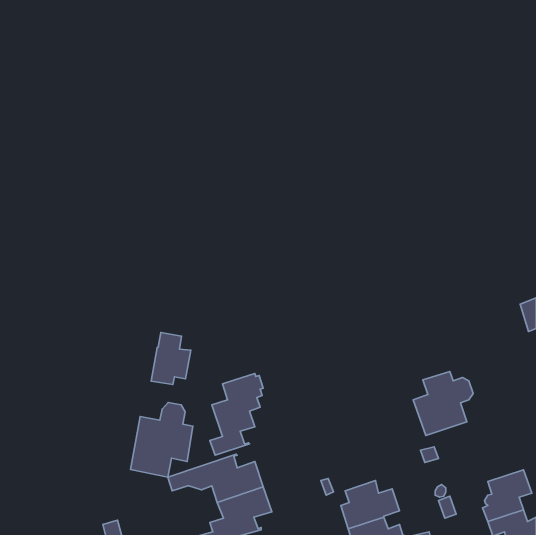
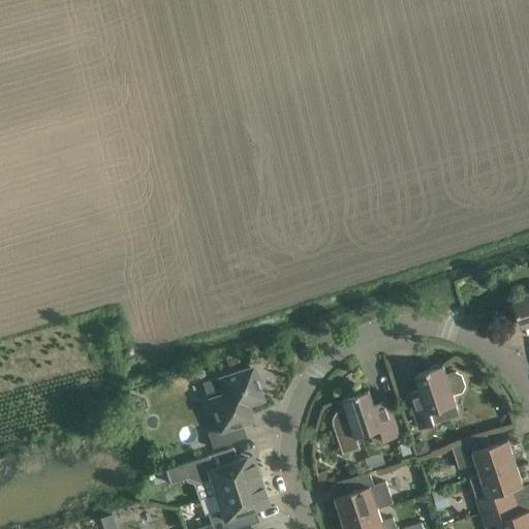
building: [151,332,191,385] -> none
building: none -> [333,392,400,456]
building: [130,403,193,477] -> none
building: none -> [452,435,516,475]

